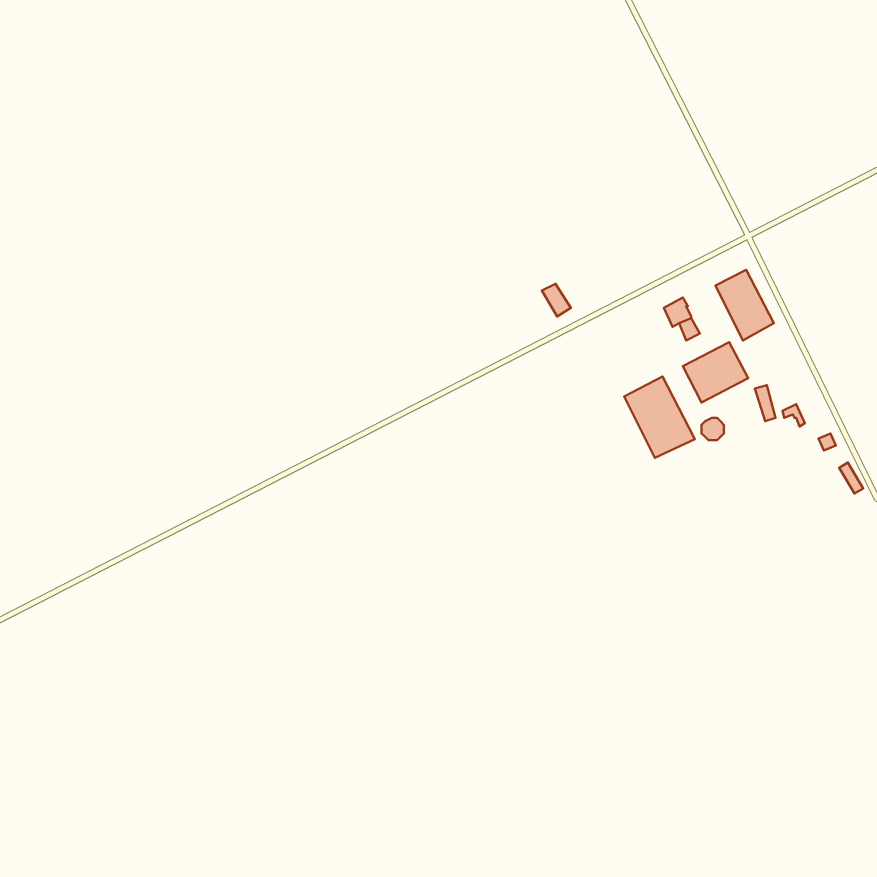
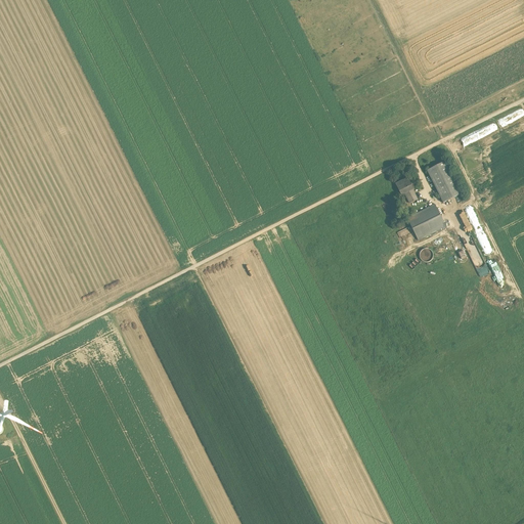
building: [624,377,695,458] -> none

